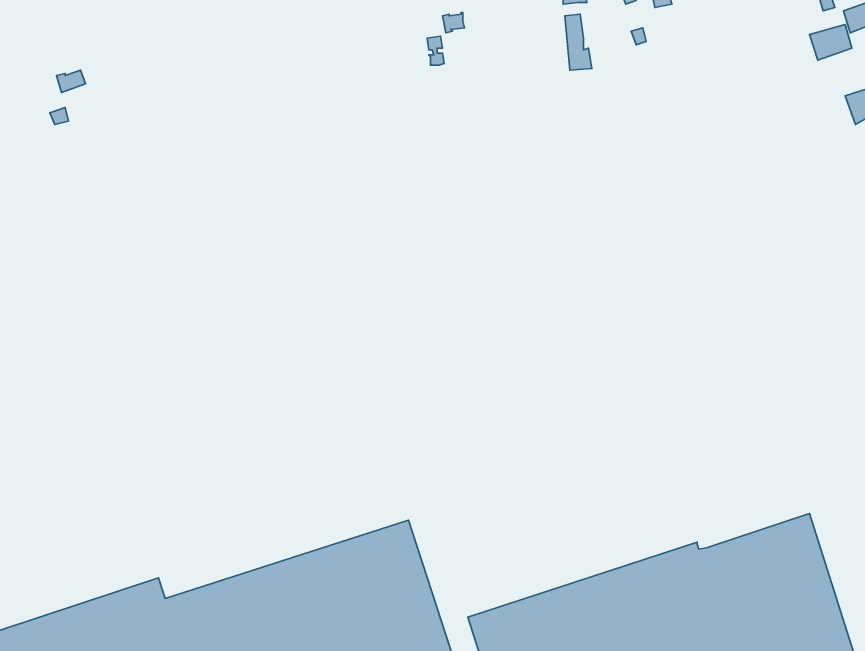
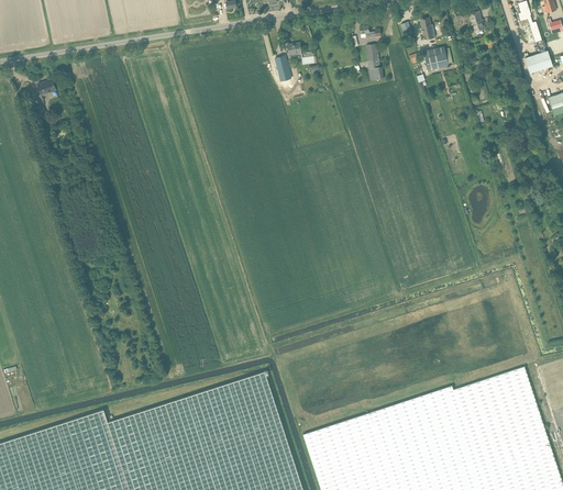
building: none -> [423,46,449,70]

